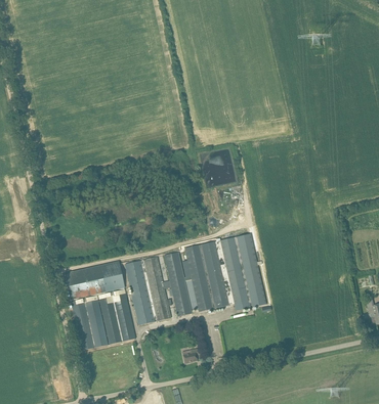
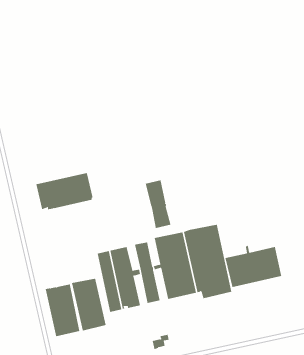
building: none -> [145,180,171,229]
building: none -> [225,245,282,288]
building: [65,261,125,300] -> [36,172,93,210]

